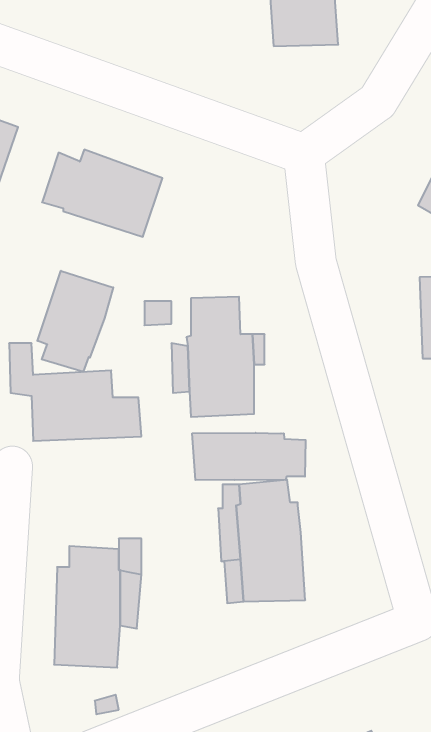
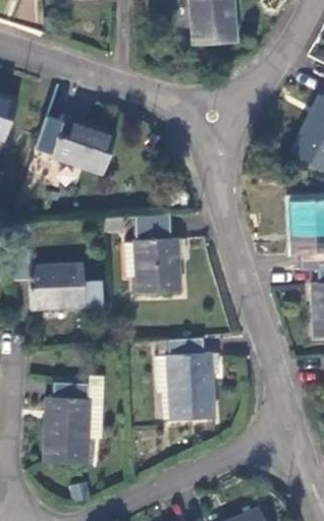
building: [37,271,113,372] -> none
building: [192,433,306,480] -> none

